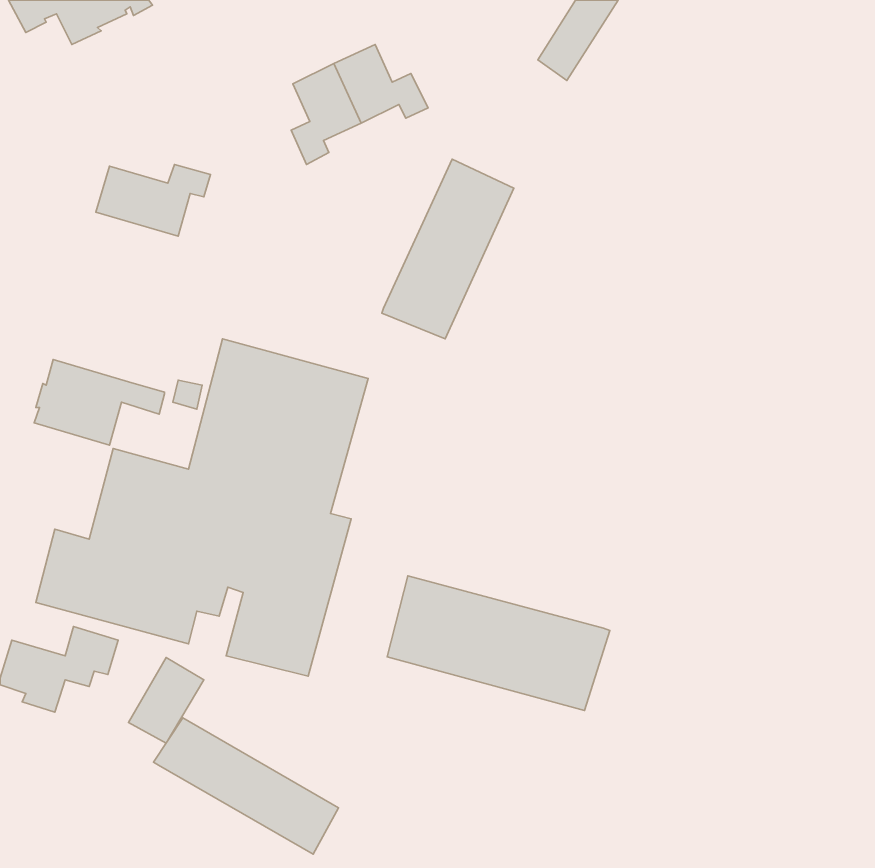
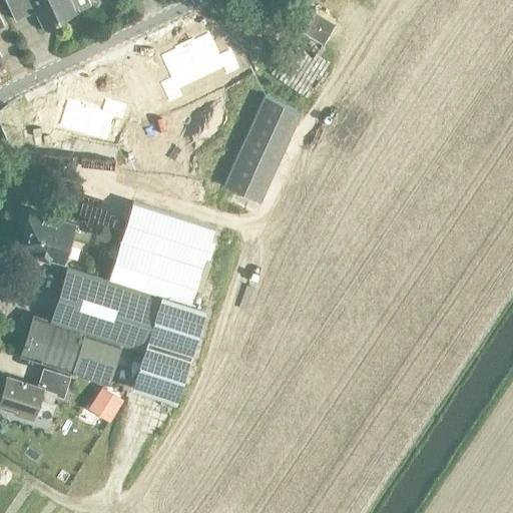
building: [387,576,610,711] -> none
building: [154,718,339,854] -> none

